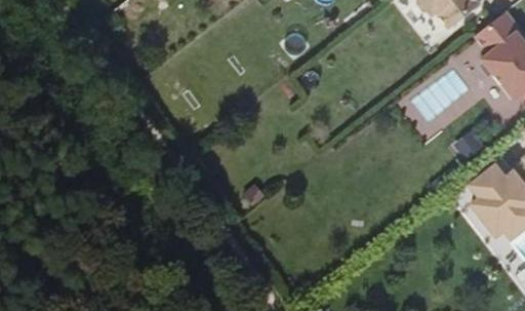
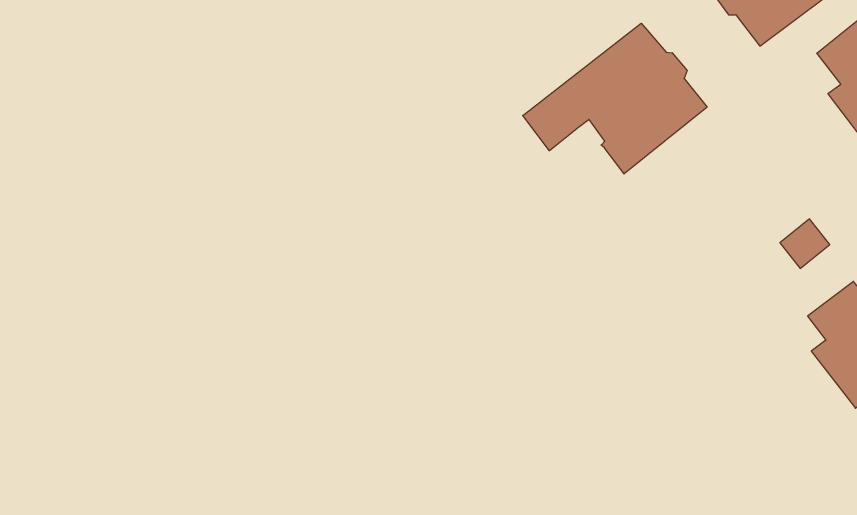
building: none -> [523,23,707,174]

